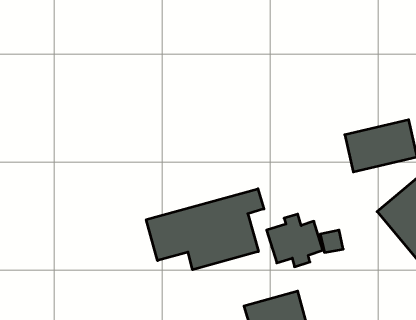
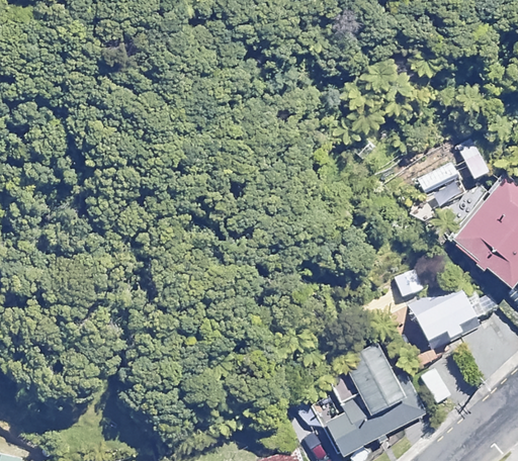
building: [146,189,264,270] -> none
building: [267,214,323,267] -> [409,284,474,343]

